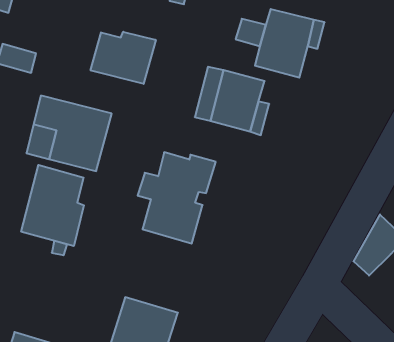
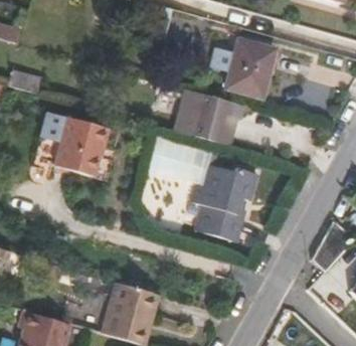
building: [91,32,156,84] -> none
building: [138,152,216,244] -> [193,166,258,242]
building: [21,165,84,246] -> none

